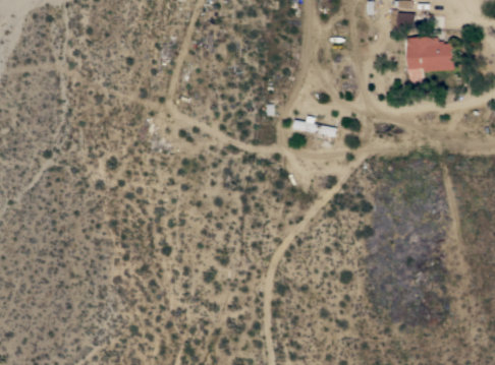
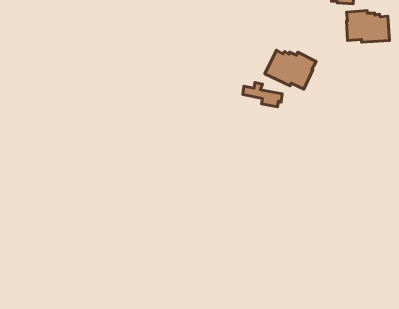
building: none -> [265,50,316,89]

